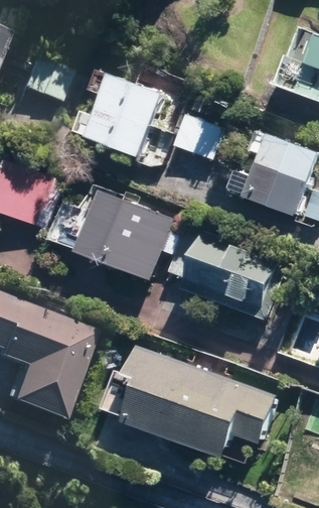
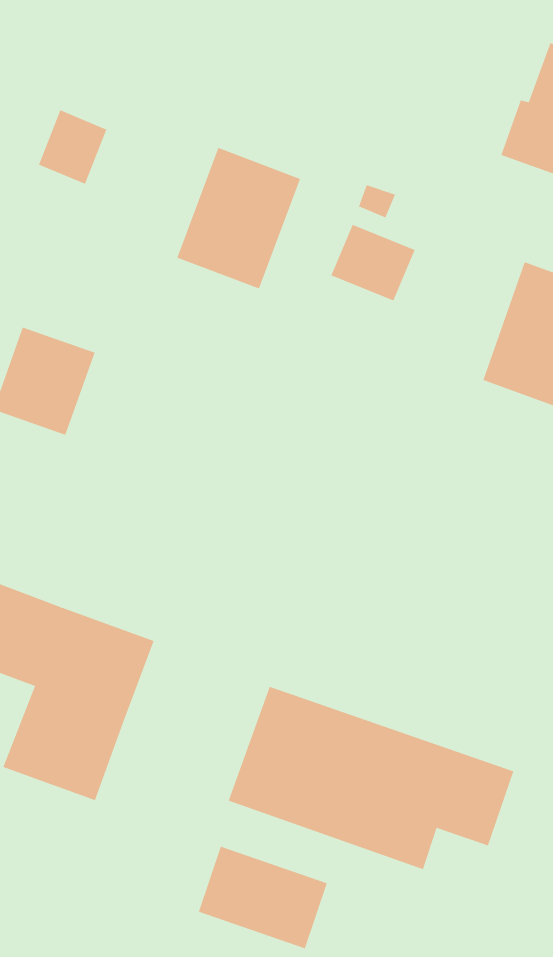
building: [82,192,171,273] -> none
building: [185,234,279,314] -> none
building: none -> [198,846,328,949]

